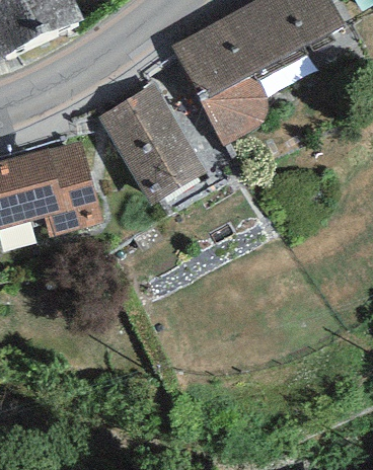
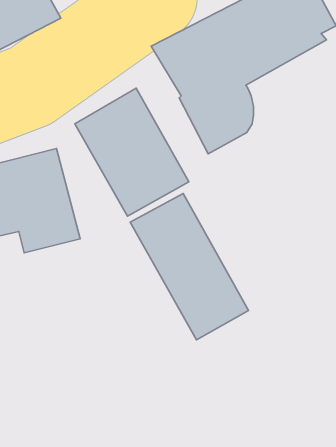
building: none -> [130,193,248,340]

